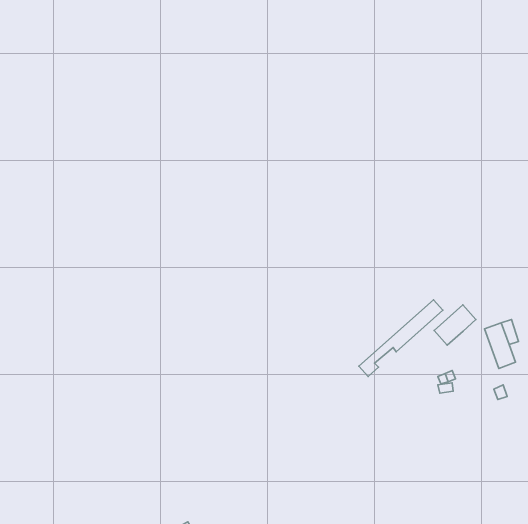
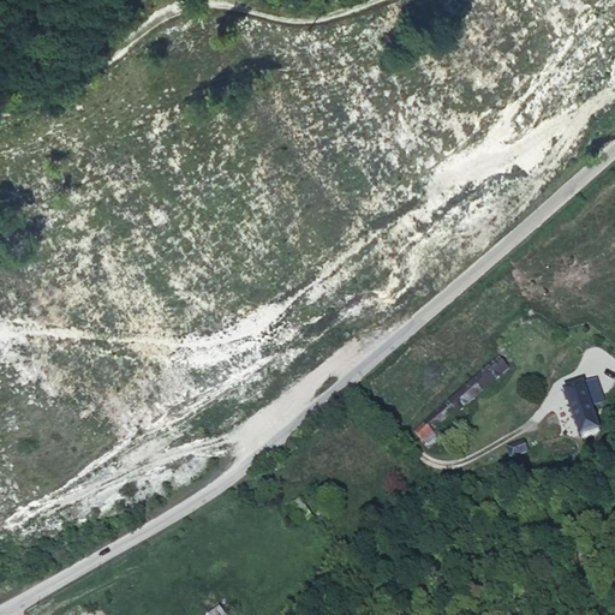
building: [434,305,476,345] -> none

